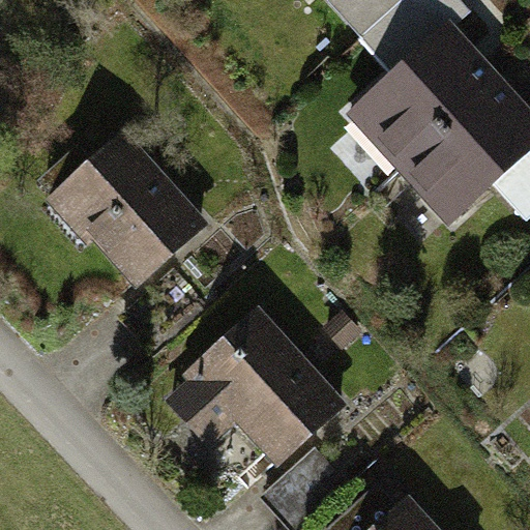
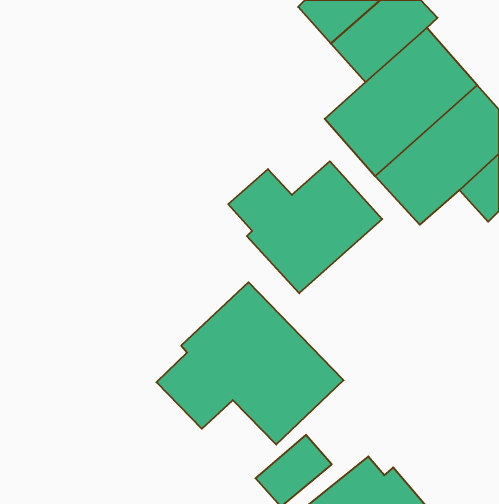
building: [43,118,219,289] -> none
building: none -> [228,161,382,293]

